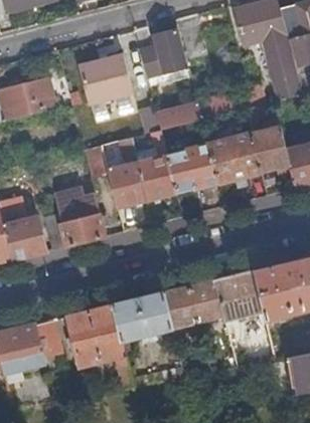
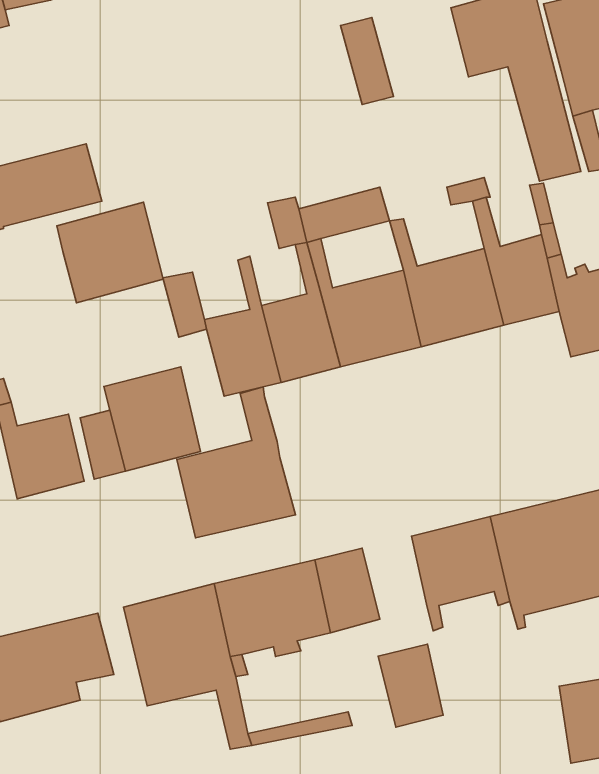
building: [134,27,188,84] -> none
building: [79,53,133,104] -> [57,202,163,303]
building: none -> [177,387,296,538]
building: [188,279,221,322] -> [378,644,443,727]

